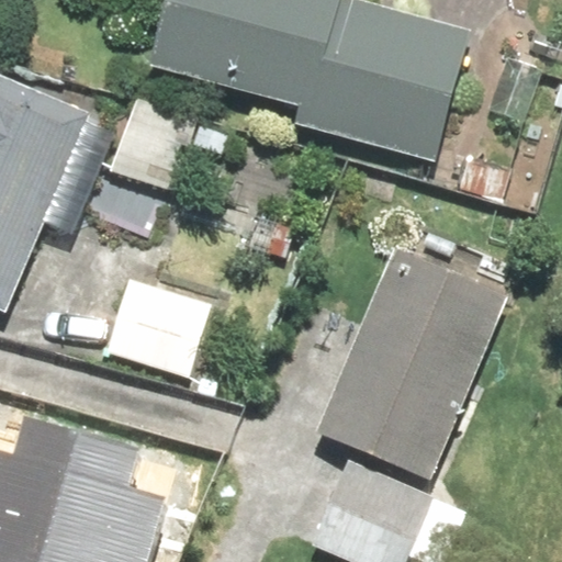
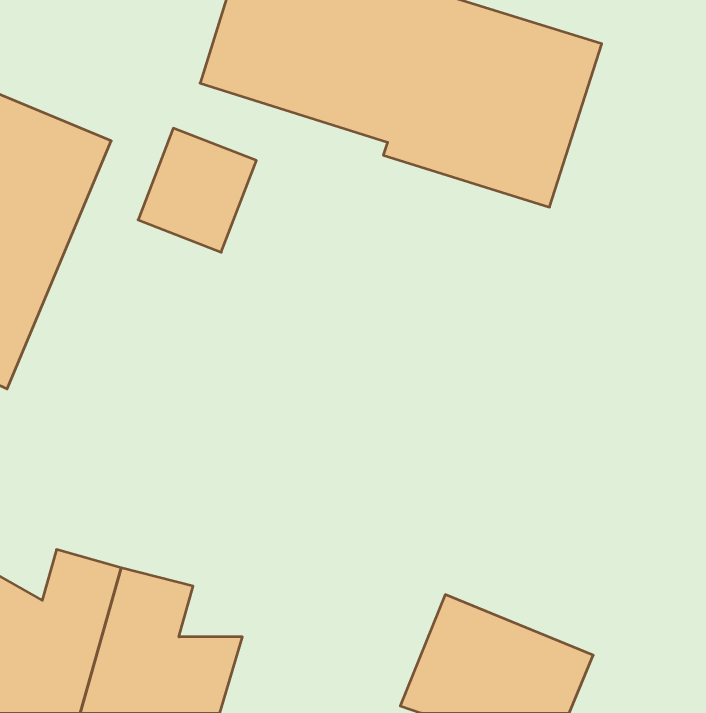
building: [317,255,507,480] -> none
building: [104,277,218,380] -> none

